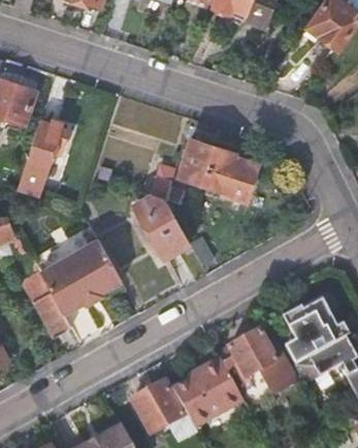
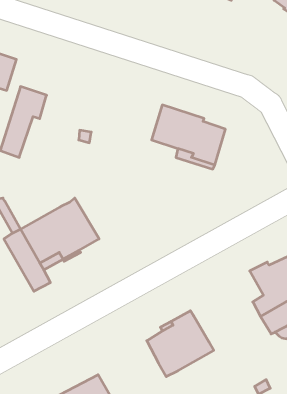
building: [136,164,190,257] -> none
building: [223,329,295,390] -> none
building: [132,383,196,441] -> none

